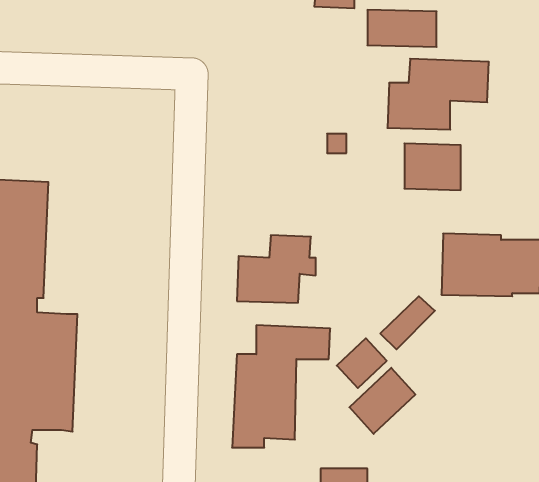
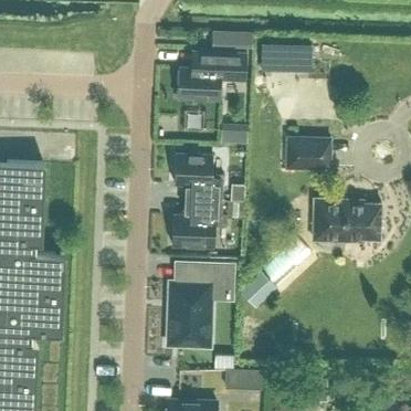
building: [387,59,489,130] -> [178,52,247,101]
building: none -> [175,155,224,202]
building: [349,368,415,434] -> none

